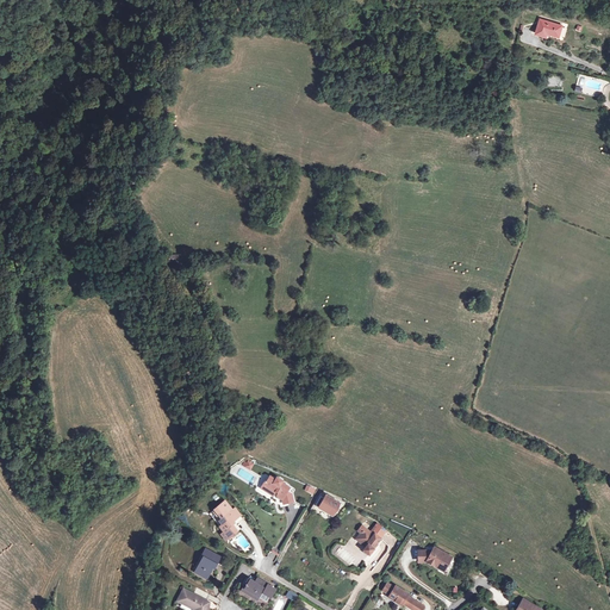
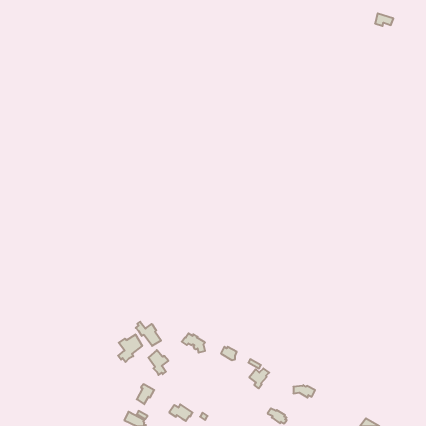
building: none -> [136,322,161,346]
building: none -> [118,334,142,362]

